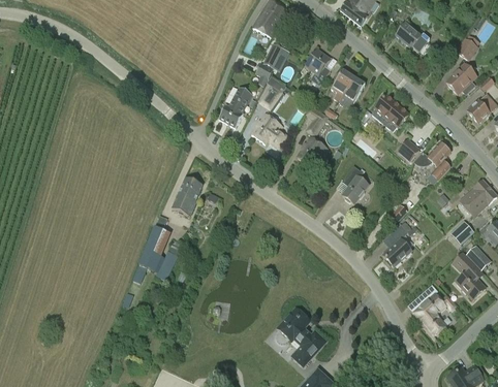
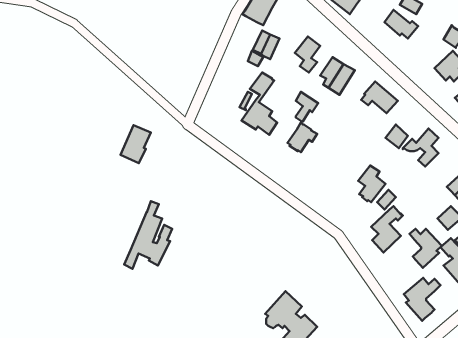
building: [219,87,252,127] -> none
building: [341,165,369,202] -> [358,165,386,202]
building: [172,176,203,215] -> [120,125,151,163]
building: none -> [409,229,442,268]

